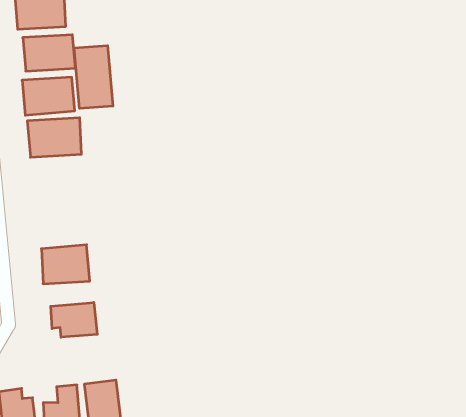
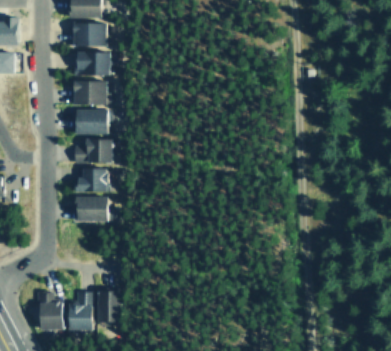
building: [74,46,113,108] -> none
building: none -> [76,140,113,164]
building: none -> [77,169,109,194]
building: [51,302,97,337] -> none

